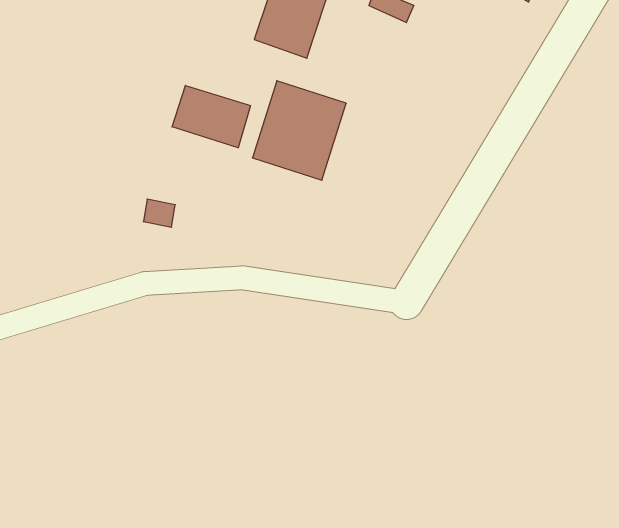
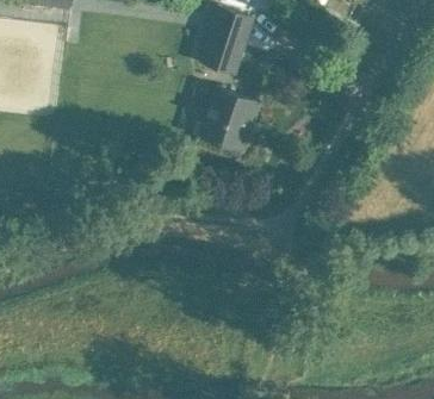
building: [172,85,250,148] -> none

